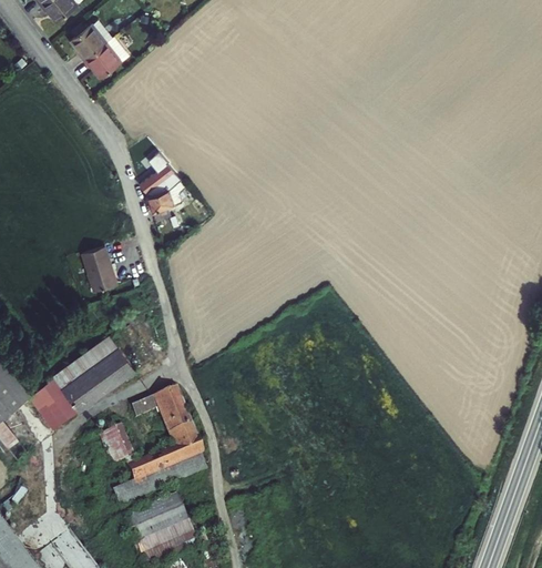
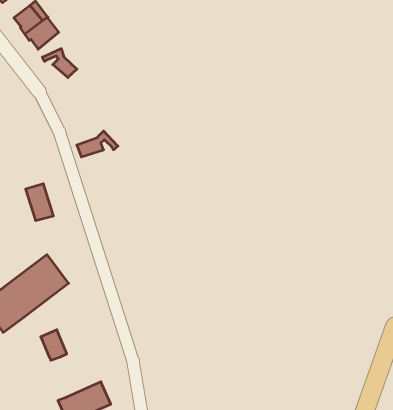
building: none -> [42,49,77,78]
building: [141,161,178,196] -> none
building: [125,392,203,488] -> none

